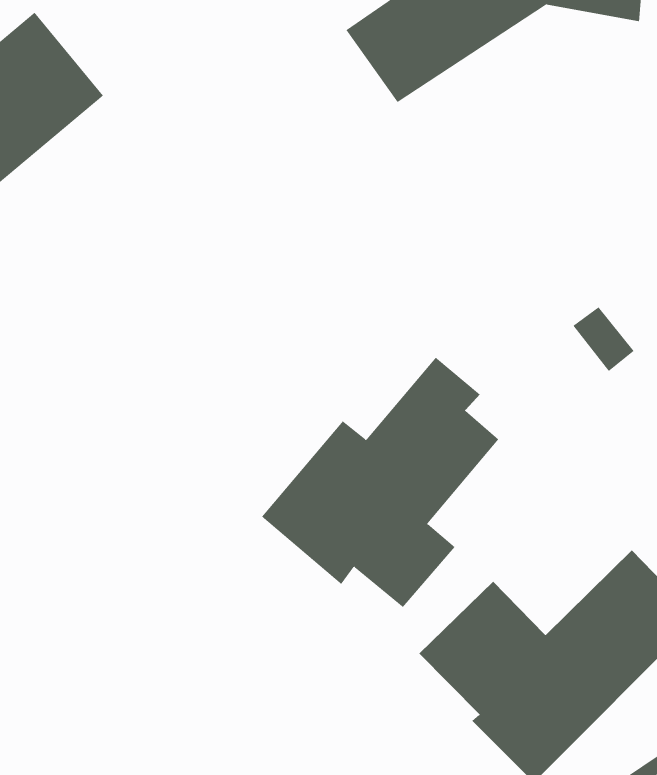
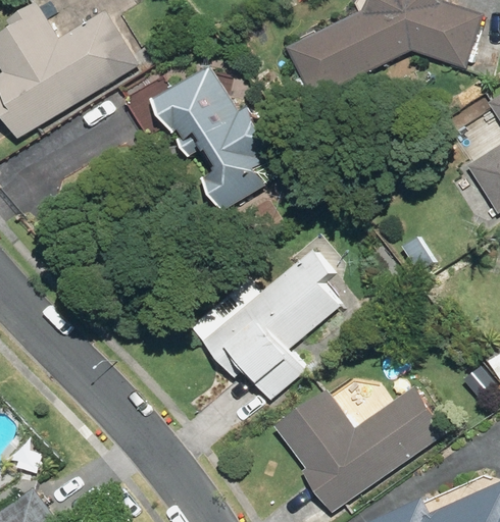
building: none -> [154,65,302,225]

